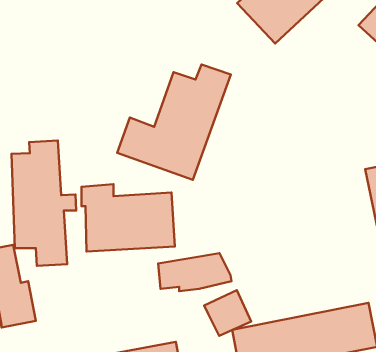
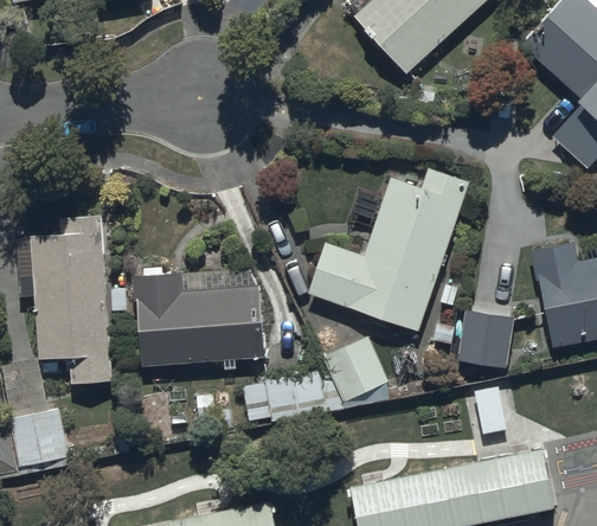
building: [117,64,231,180] -> [310,169,470,332]
building: none -> [456,307,516,373]
building: [204,290,251,336] -> [322,338,389,402]

